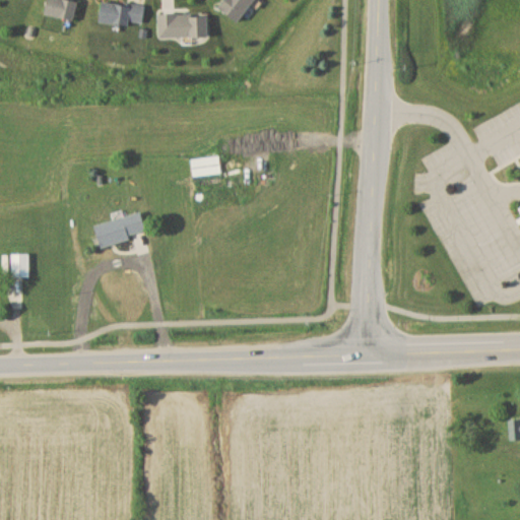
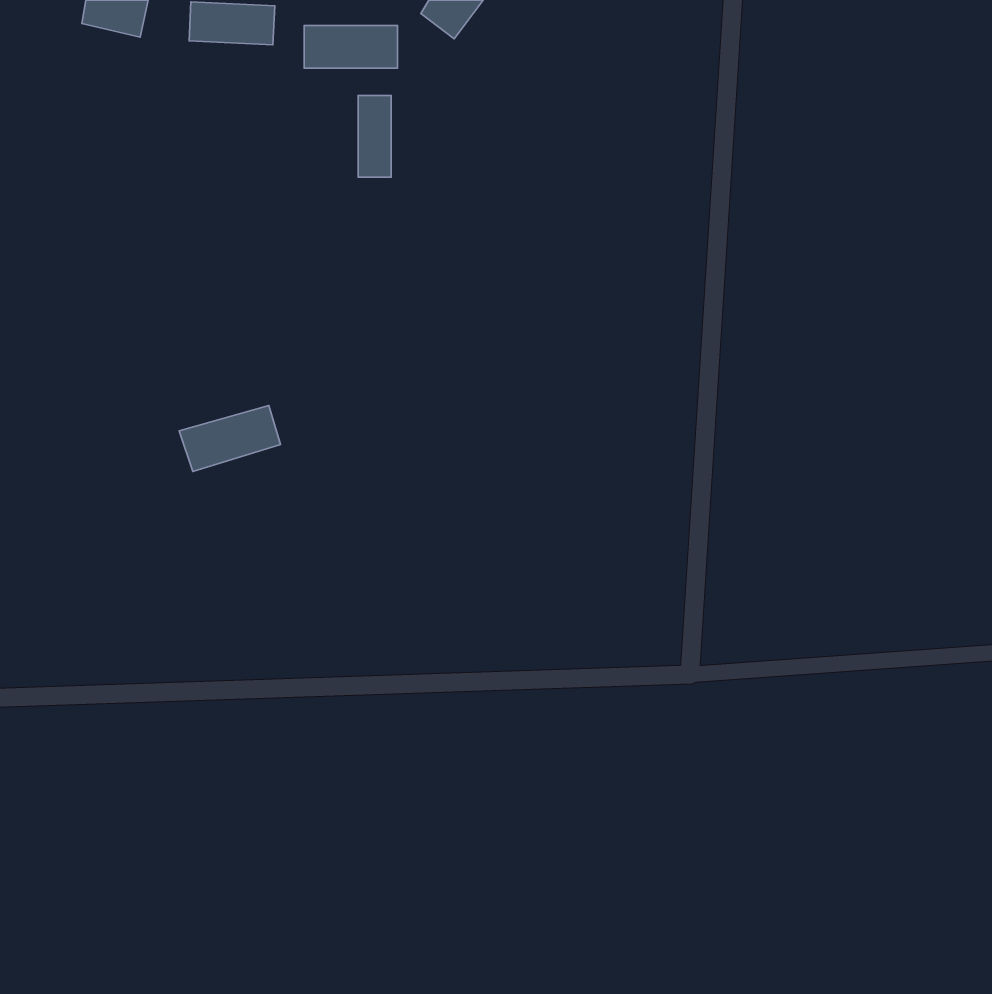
building: none -> [358,96,391,177]
building: [191,157,218,175] -> none
building: [10,254,28,277] -> none

